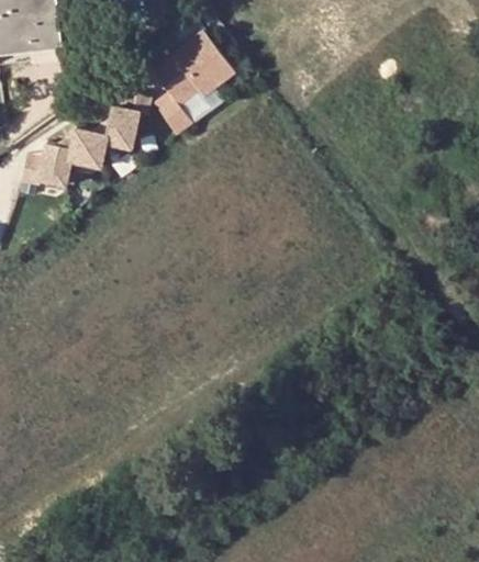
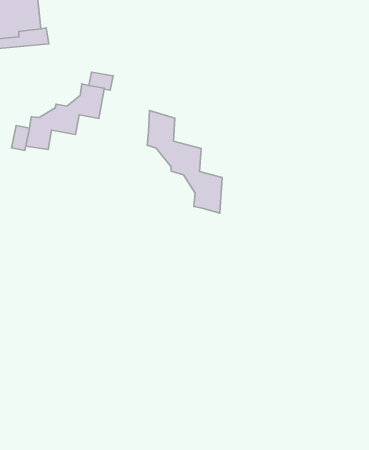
building: [151,31,232,135] -> none
building: none -> [147,111,222,213]

